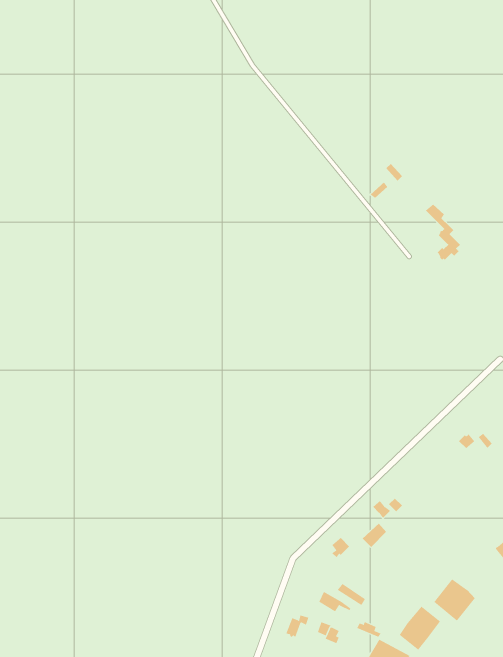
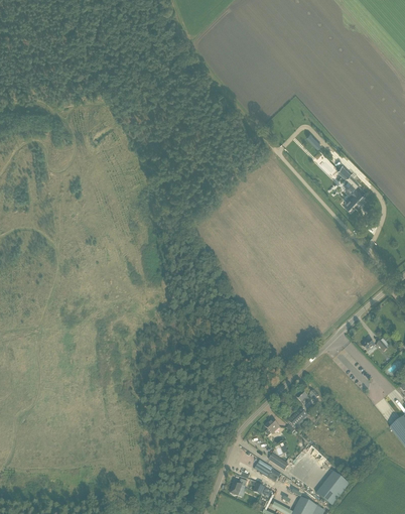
building: [433,578,476,622] -> none

